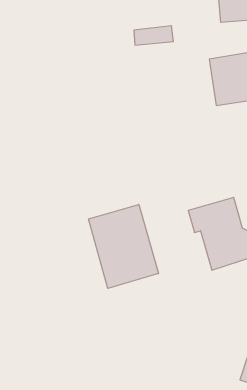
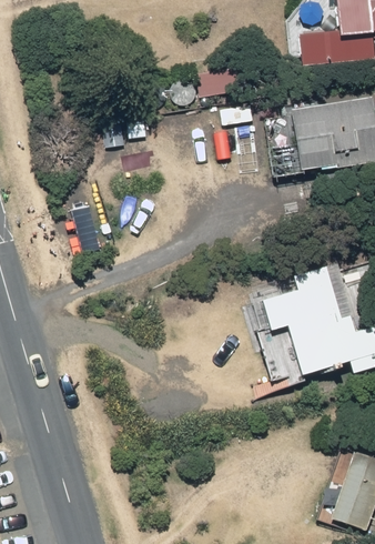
building: [89,204,159,288] -> none

